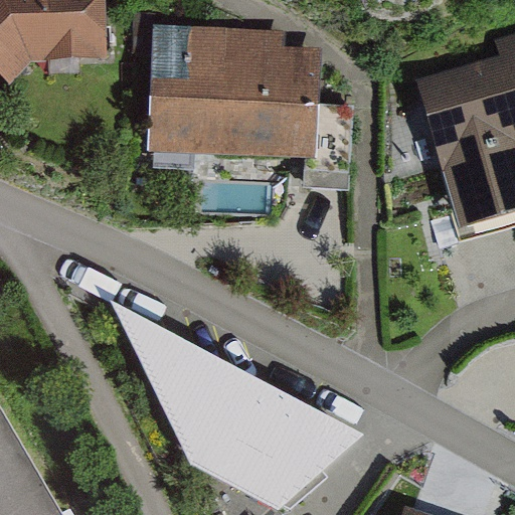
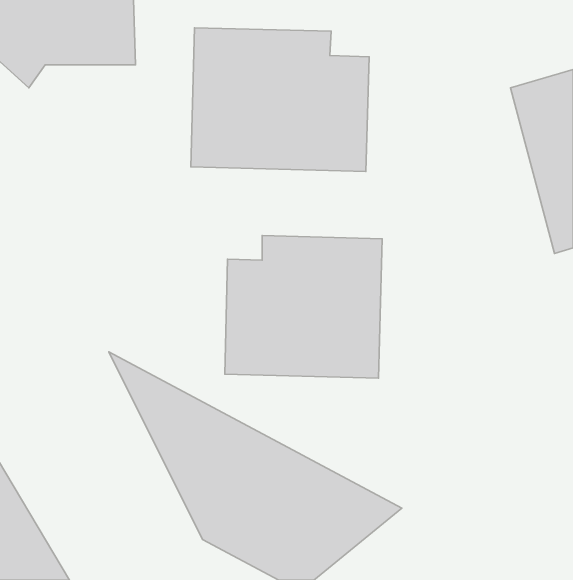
building: none -> [225,236,382,378]

